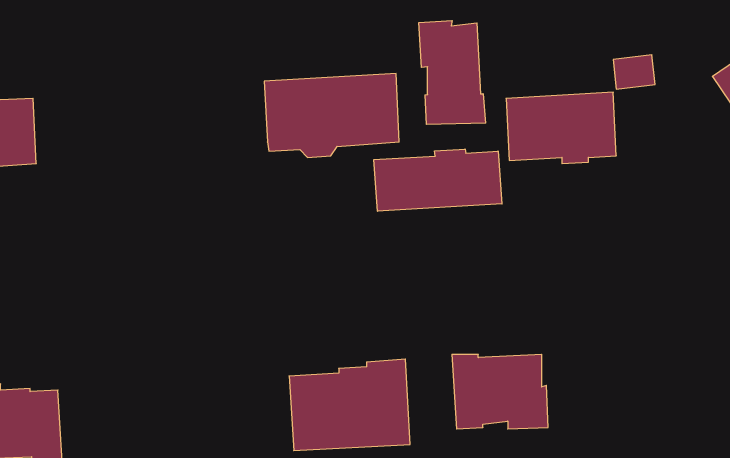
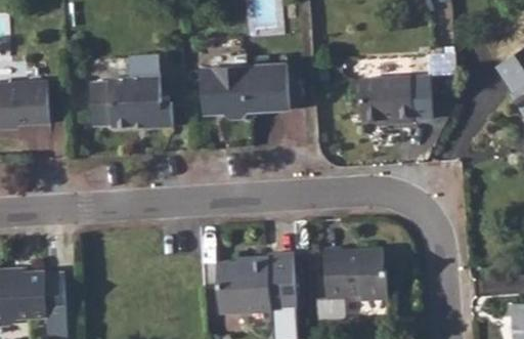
building: [419,21,486,124] -> none
building: none -> [88,53,172,128]
building: [374,149,502,211] -> none

